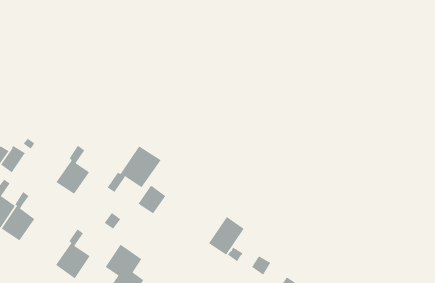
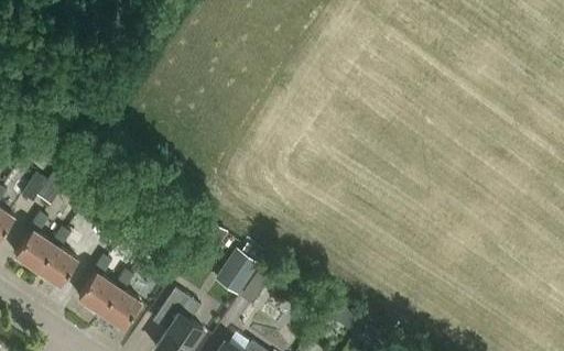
building: [56,145,90,195] -> [78,255,118,312]
building: [107,145,162,193] -> none
building: [208,216,245,255] -> [217,253,259,298]

